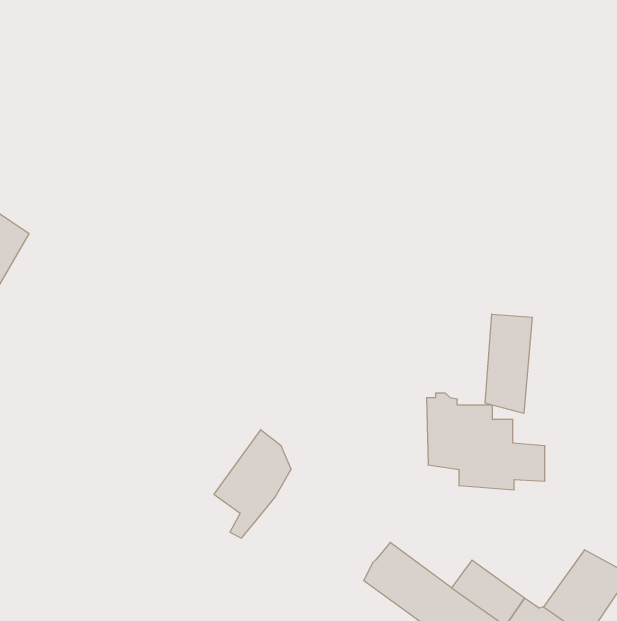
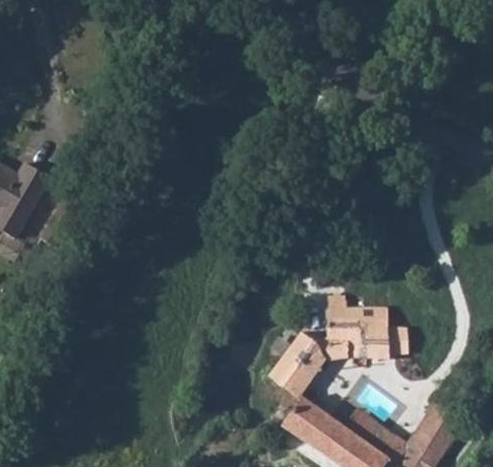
building: [485,314,532,413] -> none
building: [214,430,291,538] -> [270,333,324,408]

